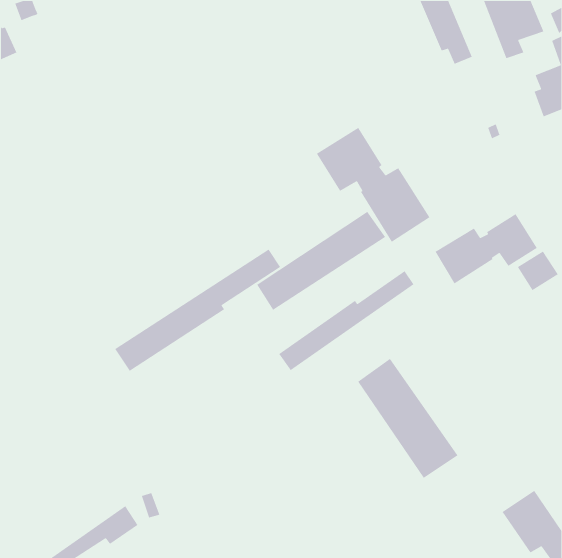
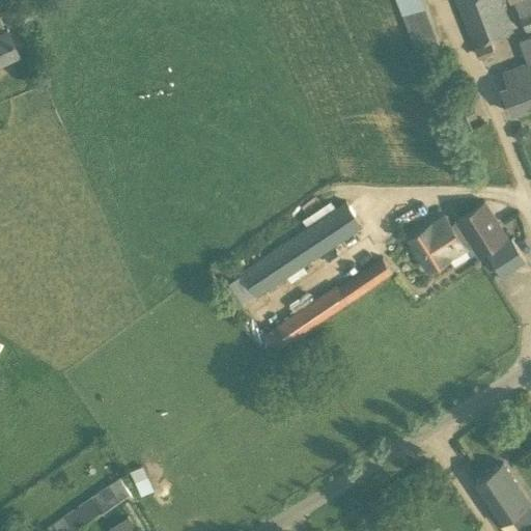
building: [316,127,431,243] -> none
building: [114,248,281,372] -> none
building: [357,358,459,479] -> none

